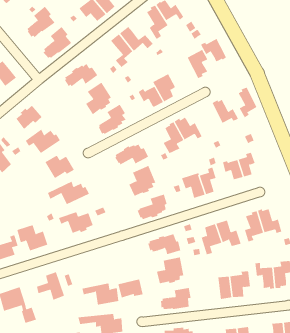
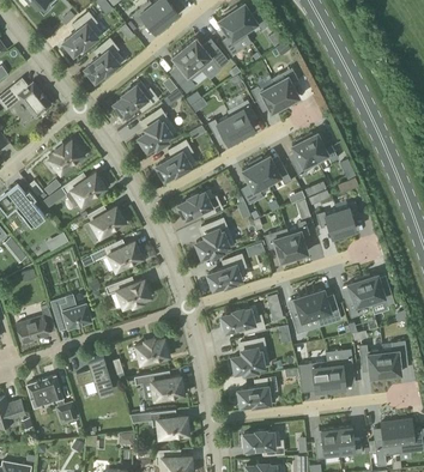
building: [200,36,227,62] -> [252,78,286,111]
building: [238,87,257,118] -> [292,137,317,177]
building: [118,279,143,298] -> [137,337,170,362]

